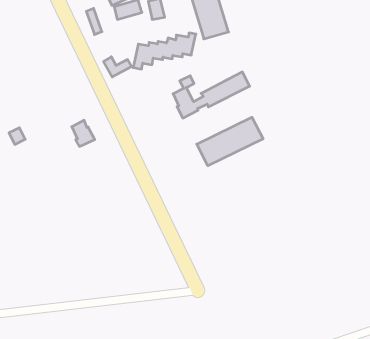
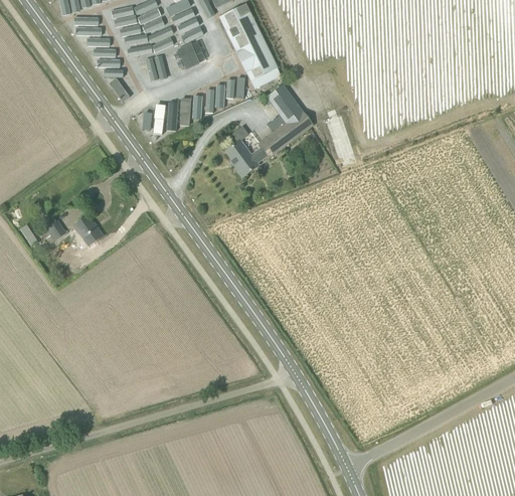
building: none -> [266,84,302,122]
building: [197,117,263,166] -> none
building: [72,120,95,146] -> [73,214,103,245]

